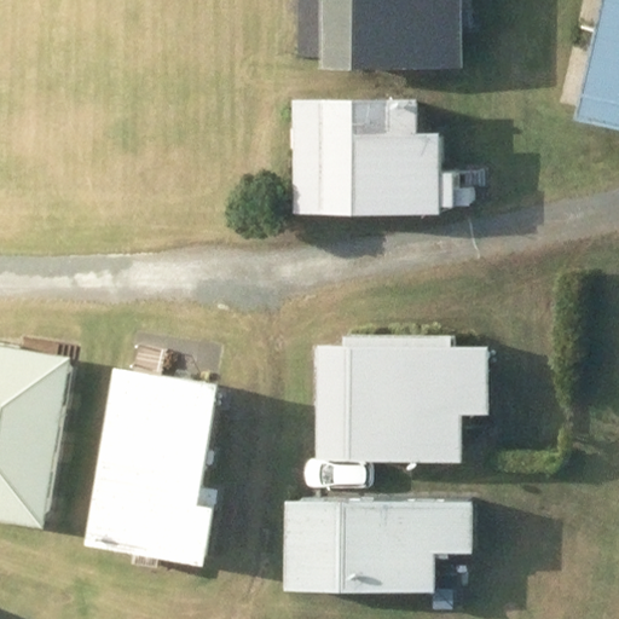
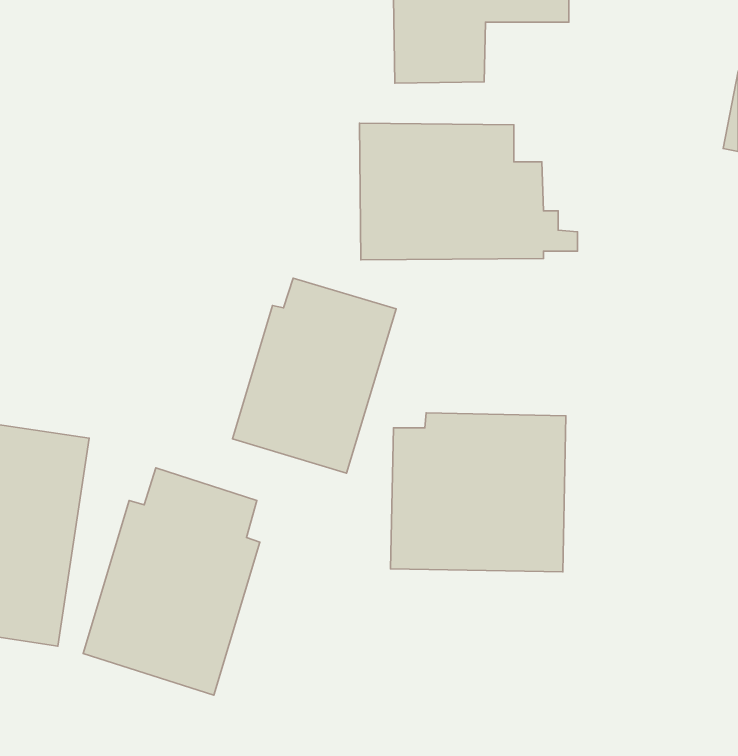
building: none -> [233,278,396,473]
building: [285,499,478,596] -> none

